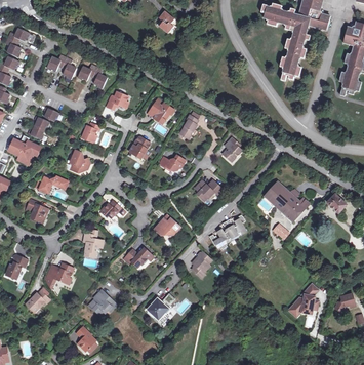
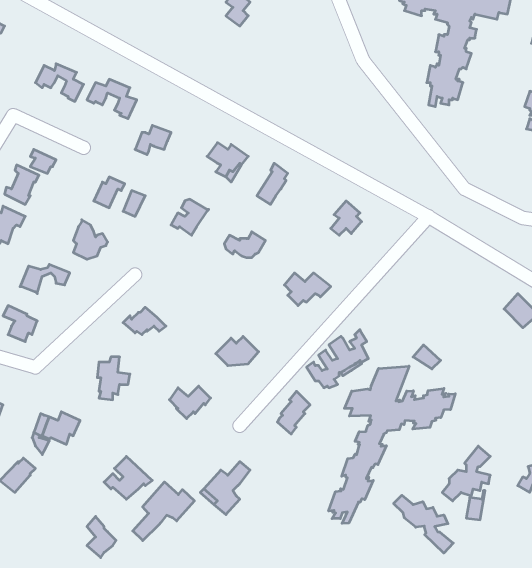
building: [264,180,309,221] -> none
building: none -> [329,366,455,523]
building: none -> [133,482,194,541]
building: none -> [394,495,453,553]

